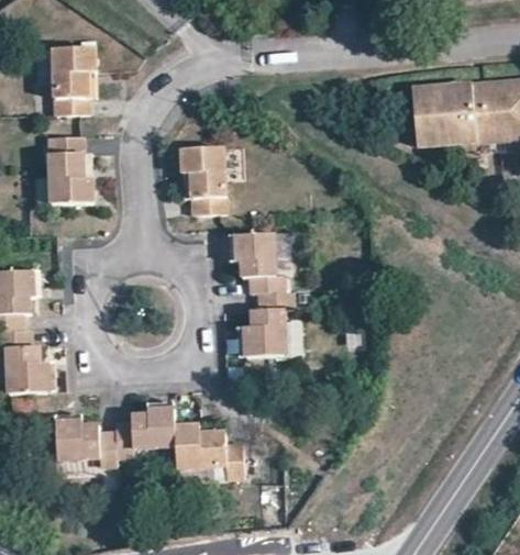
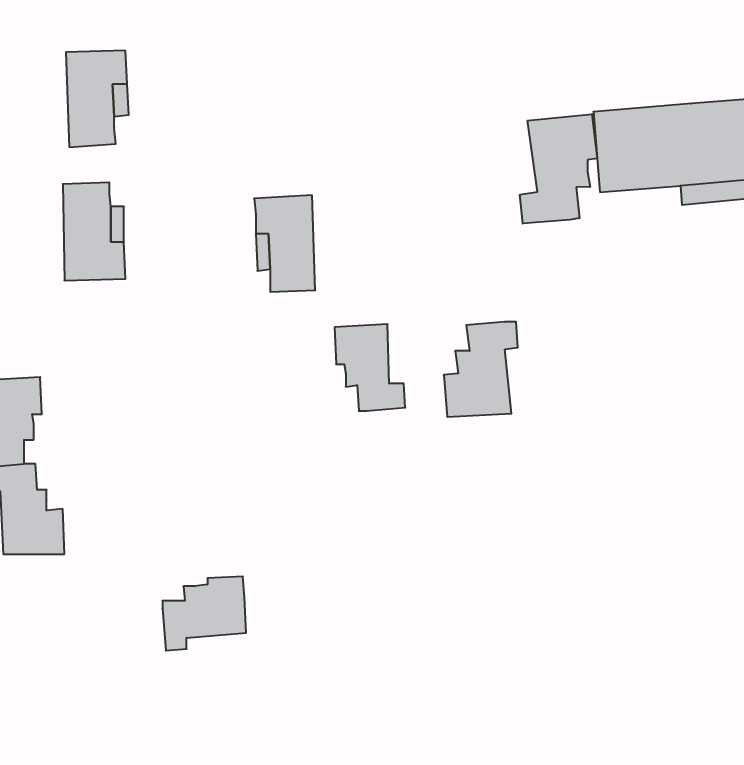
building: none -> [520,114,597,224]
building: [241,290,291,355] -> [444,322,518,417]
building: [56,419,119,464] -> none
building: [173,419,241,478] -> none

